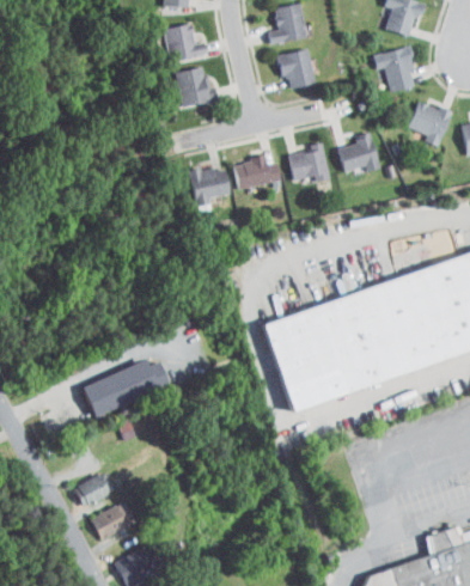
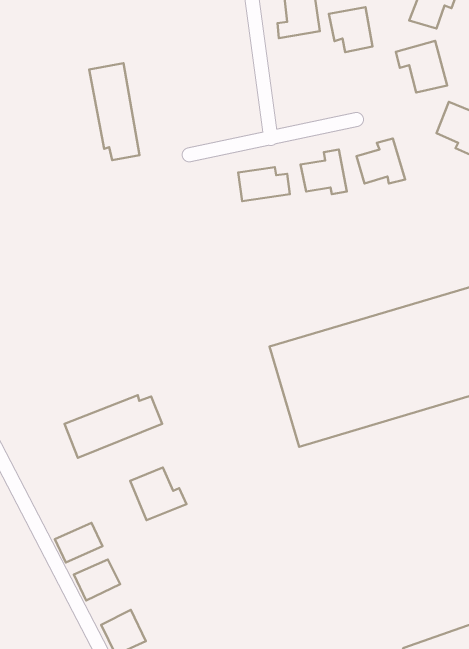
building: [164,24,207,61] -> none
building: [277,49,316,88] -> [329,7,372,52]
building: none -> [89,63,140,160]
building: [176,67,214,108] -> none
building: [190,166,230,207] -> none
building: none -> [130,468,186,520]

